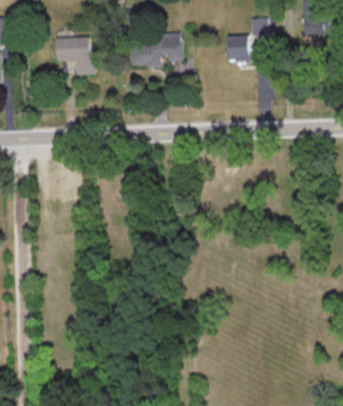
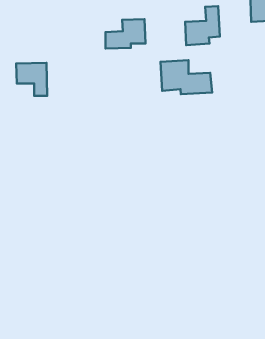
building: [56,36,92,74] -> [16,63,47,96]
building: none -> [160,60,212,94]

